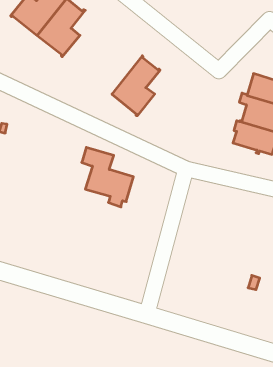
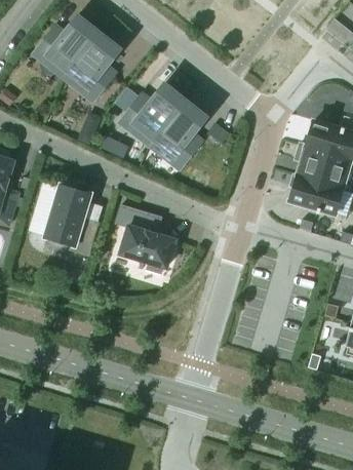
building: none -> [119,84,185,144]
building: none -> [45,181,96,254]

